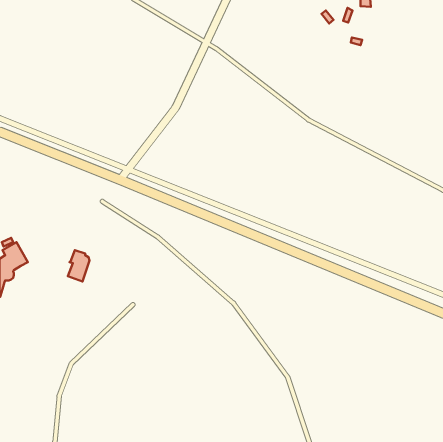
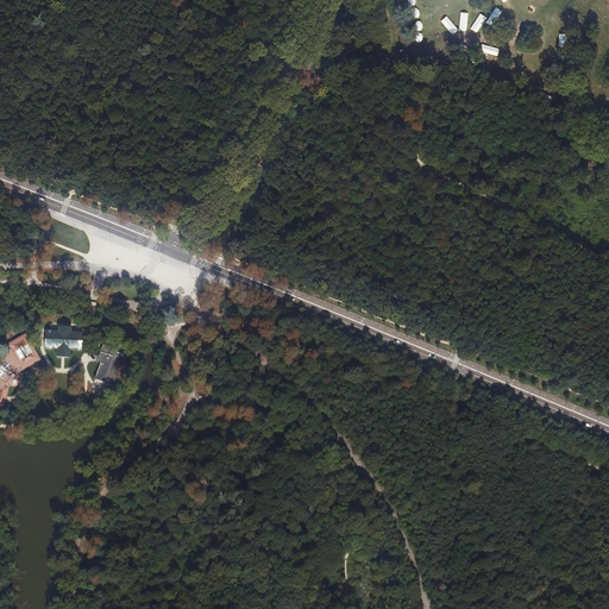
building: none -> [43,324,82,354]

